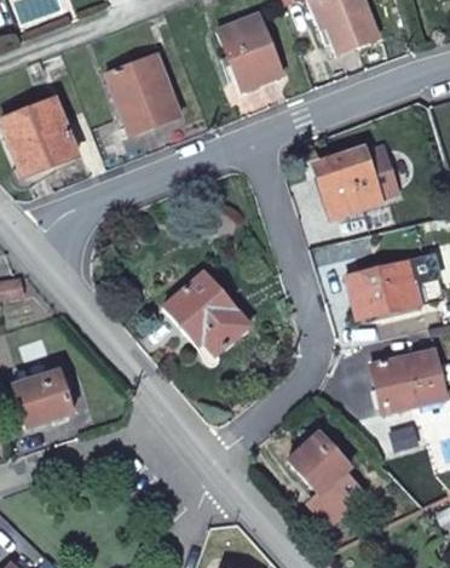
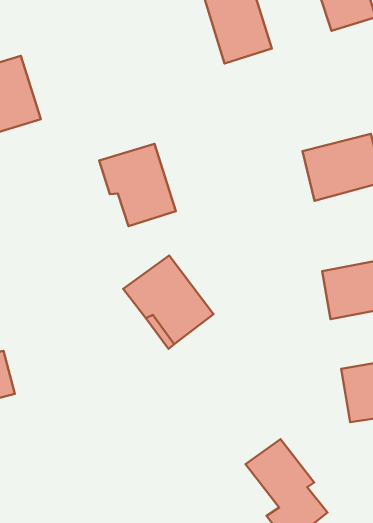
building: [106,53,180,131] -> [99,144,176,226]

